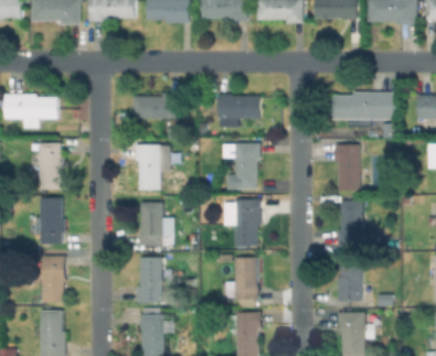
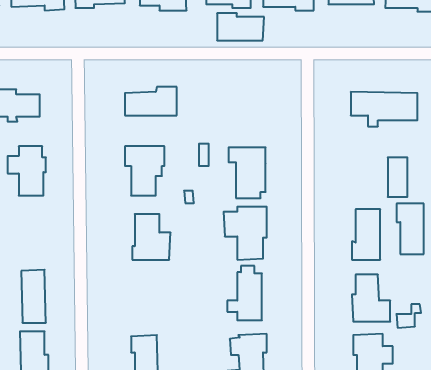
building: [219,94,260,118] -> [217,13,264,40]
building: [336,144,360,190] -> [397,204,424,254]
building: [39,197,64,244] -> none
building: [136,257,162,302] -> none

